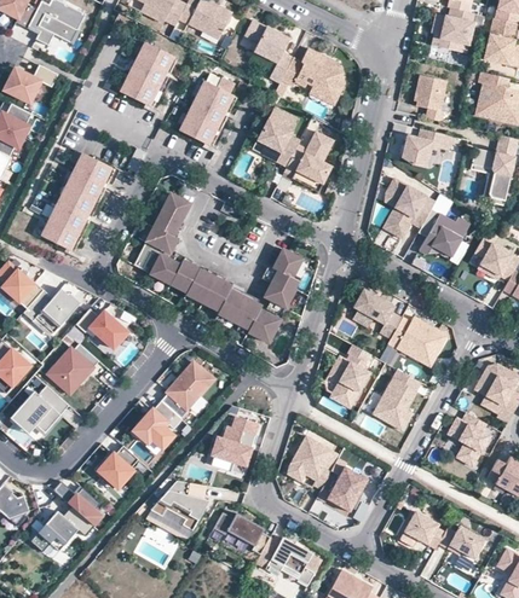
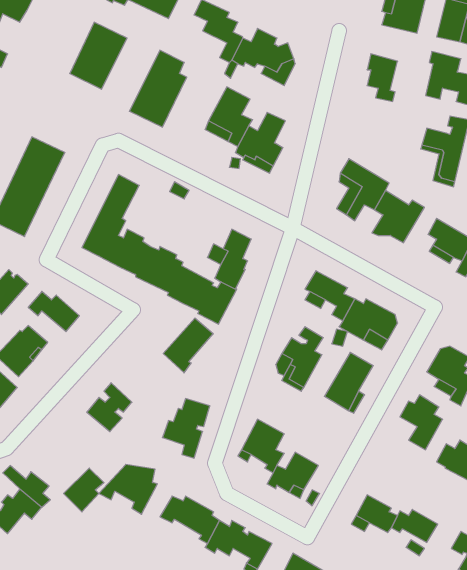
building: [400,130,450,166] -> none
building: [161,365,211,419] -> [163,318,213,373]
building: [97,443,137,487] -> [64,468,104,512]

